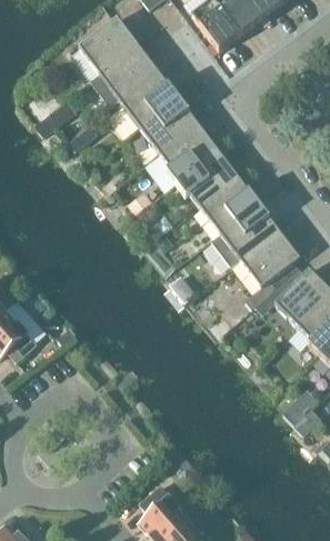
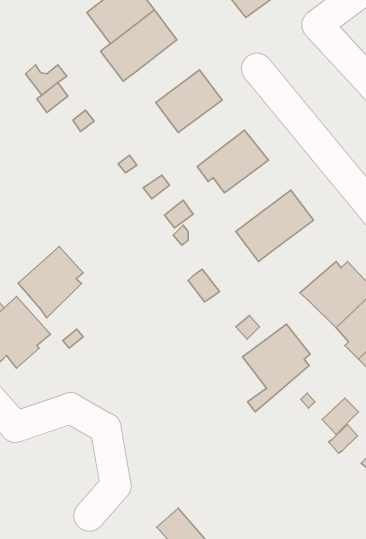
building: [120,71,179,127] -> none
building: [160,124,219,183] -> none
building: [201,178,260,233] -> none
building: [241,231,301,309] -> [243,324,310,412]
building: none -> [18,246,83,318]

